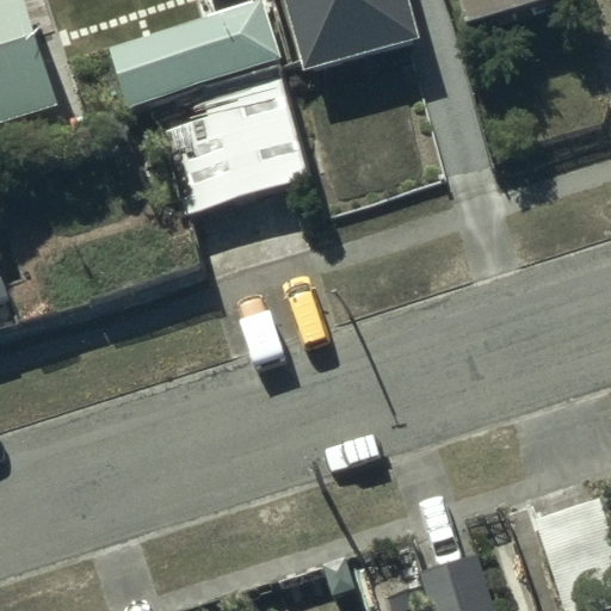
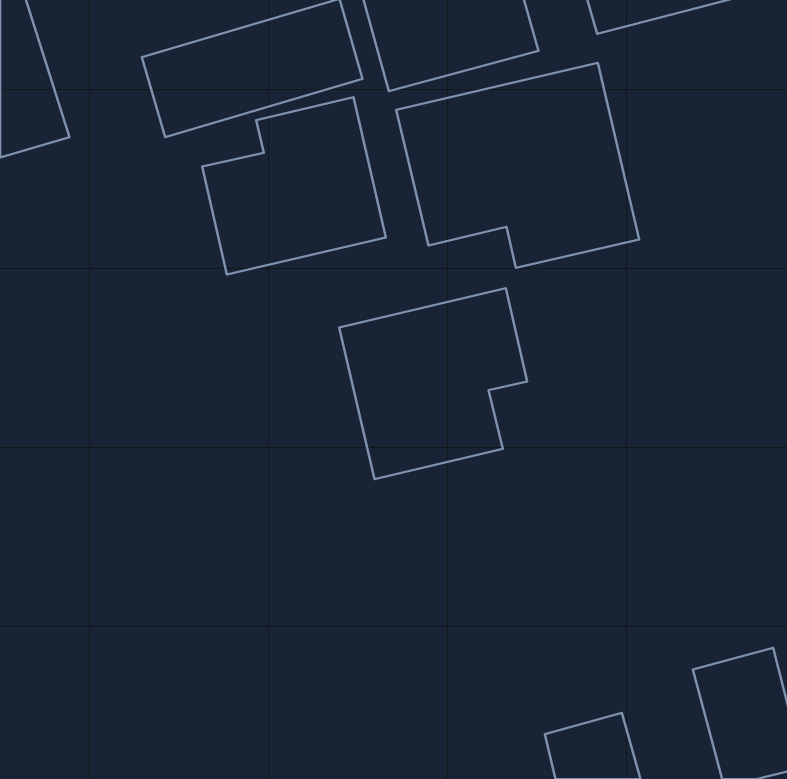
building: none -> [396,63,639,268]
building: none -> [339,288,527,479]

